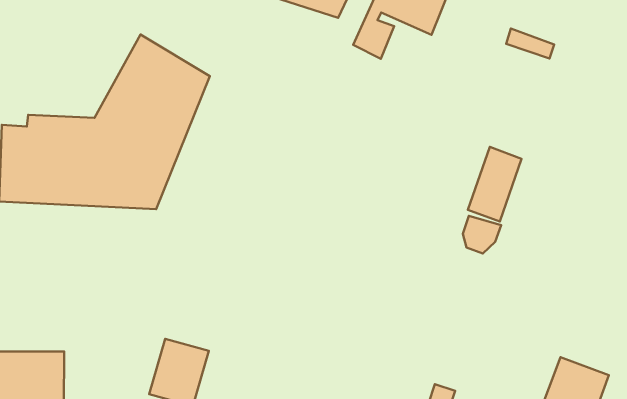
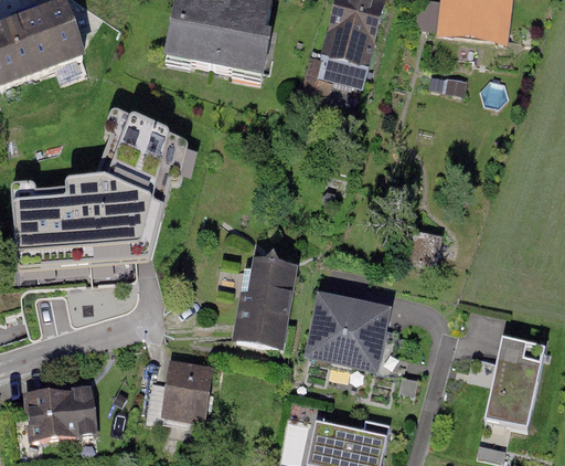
building: [468,147,522,222] -> none
building: none -> [236,261,291,343]
building: none -> [311,301,396,367]

